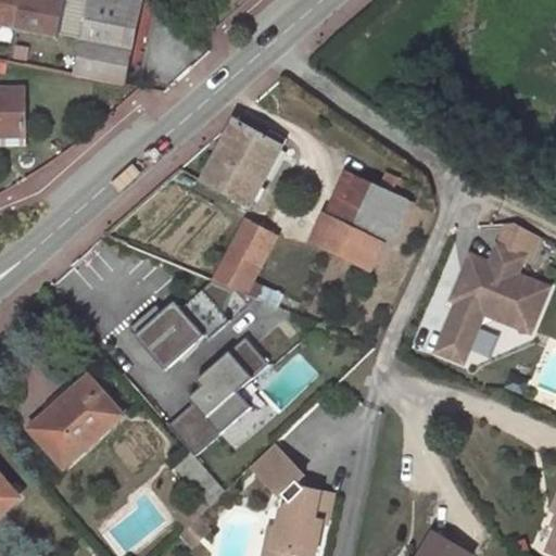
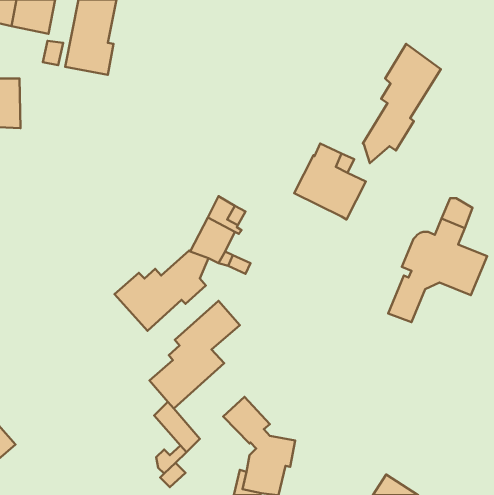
building: none -> [363,44,441,163]
building: [202,118,279,206] -> none
building: [316,216,382,269] -> none
building: [28,376,121,467] -> none

